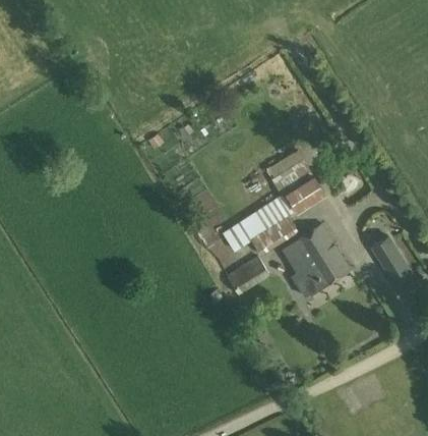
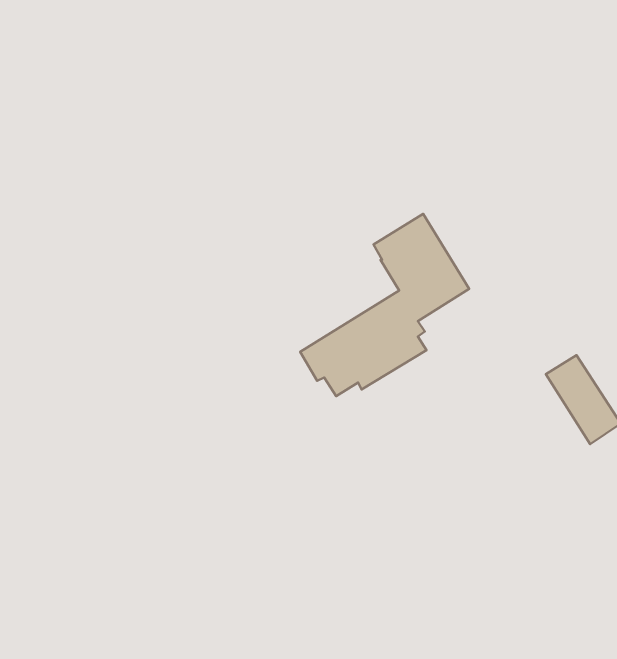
building: [282,223,351,294] -> none
building: [224,255,270,295] -> none

